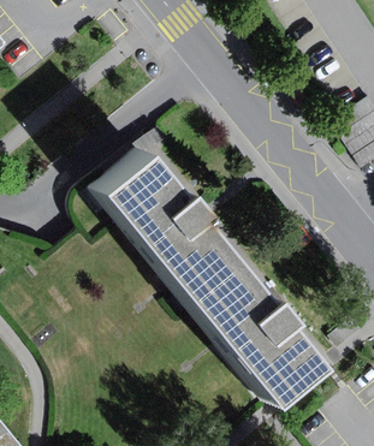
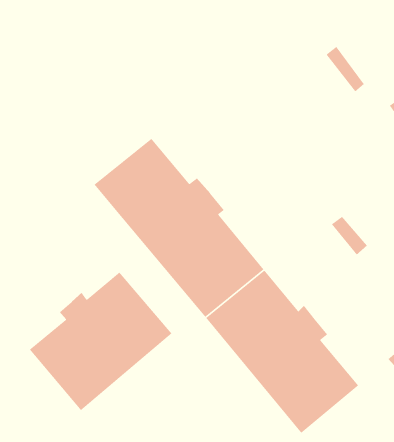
building: none -> [29,271,173,411]

